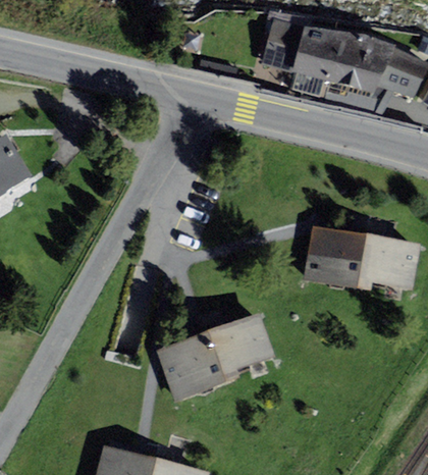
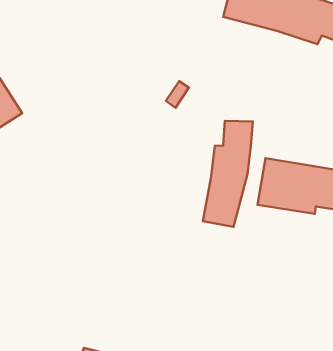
building: none -> [203,121,253,227]
building: [158,313,275,403] -> none

